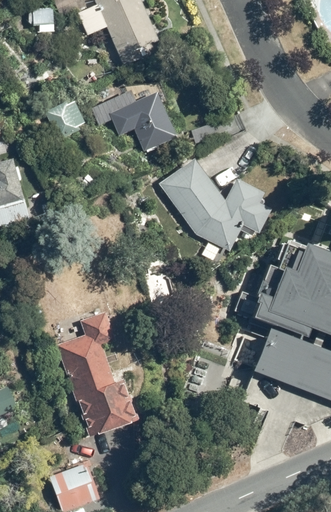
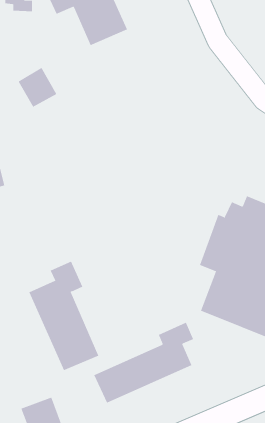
building: [92,90,176,150] -> none
building: [160,159,270,251] -> none
building: none -> [93,322,194,403]

